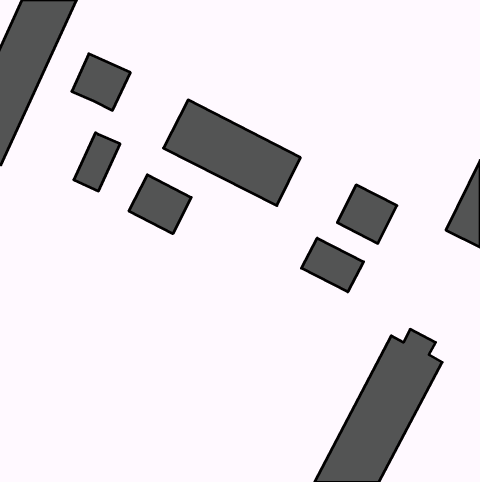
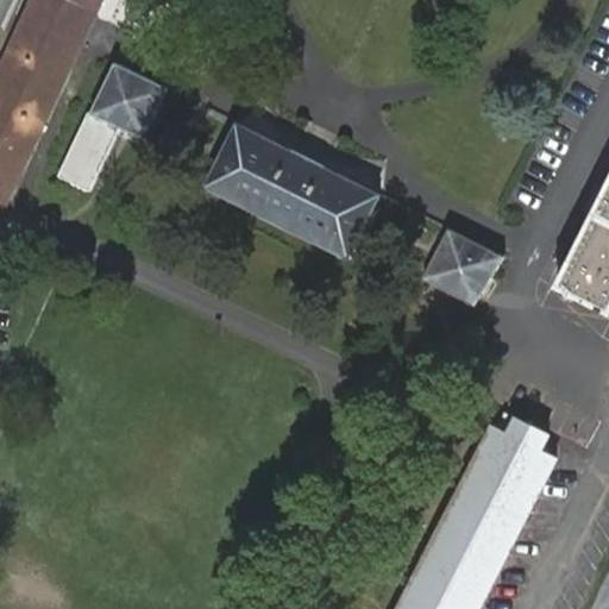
building: [74,133,120,191] -> [59,113,118,187]
building: [129,175,191,234] -> none
building: [301,238,364,292] -> none

